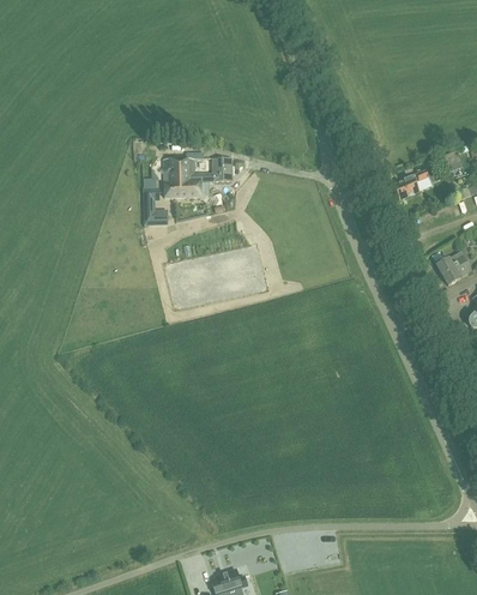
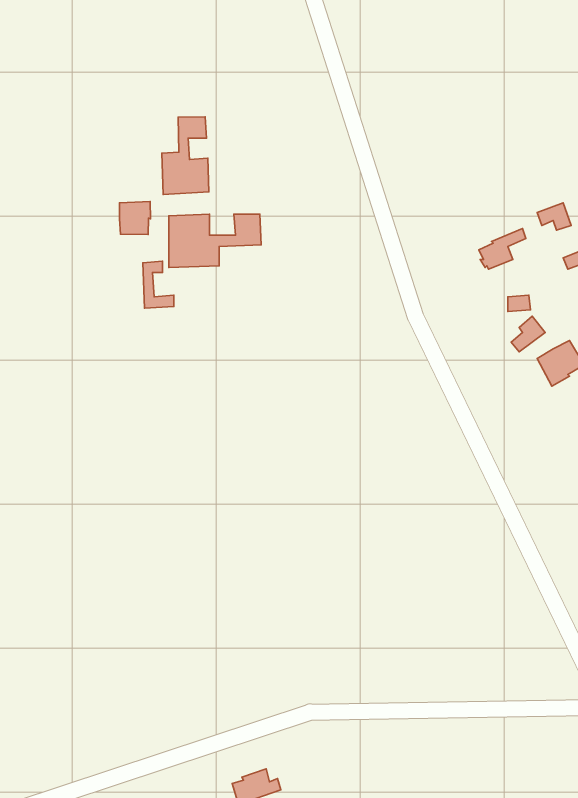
building: none -> [162,117,209,195]
building: none -> [119,201,151,234]

